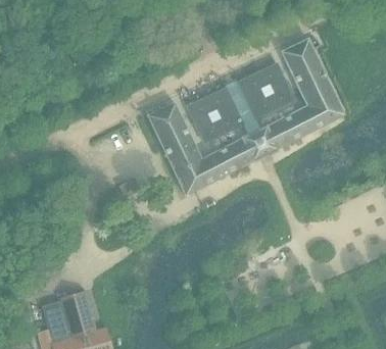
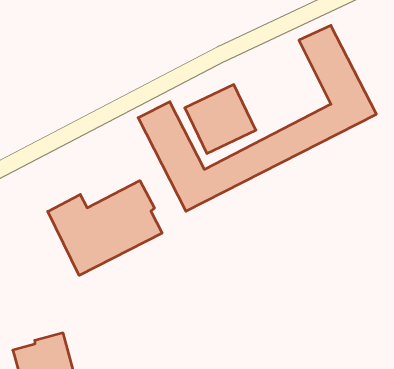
building: [237,62,296,119] -> none
building: none -> [48,181,162,275]

